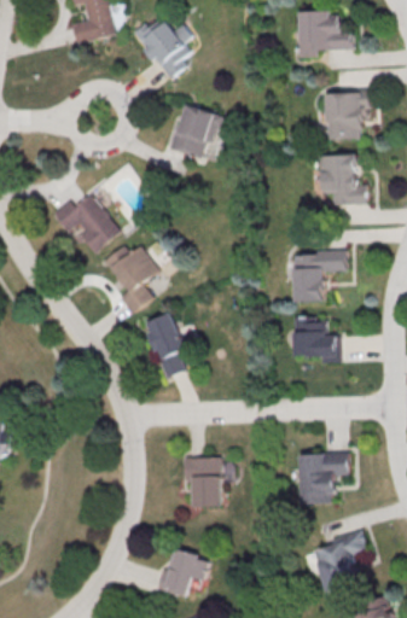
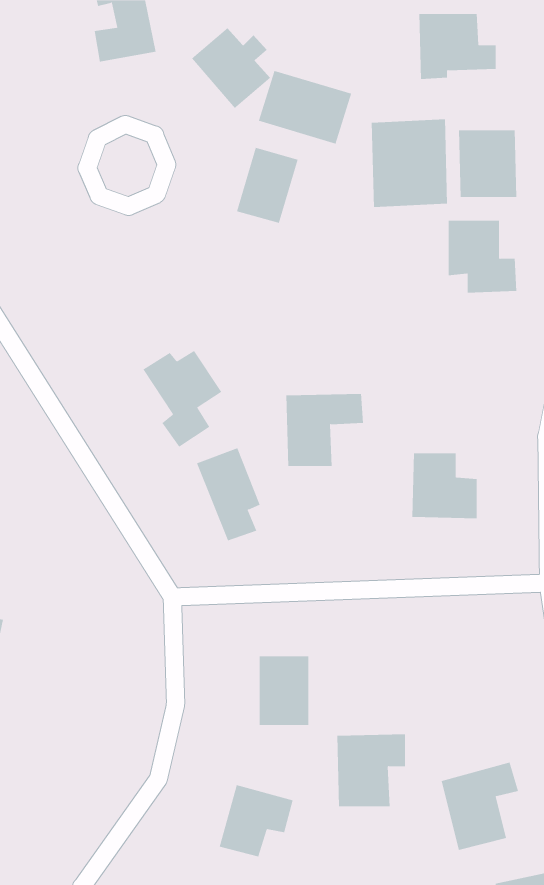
building: none -> [258,70,352,144]
building: none -> [371,118,448,208]
building: [52,193,120,250] -> none
building: [291,251,345,302] -> [286,394,364,466]
building: [300,453,348,503] -> [337,734,406,807]

